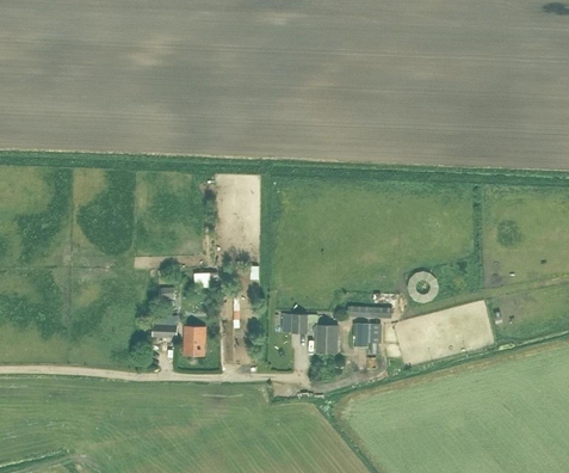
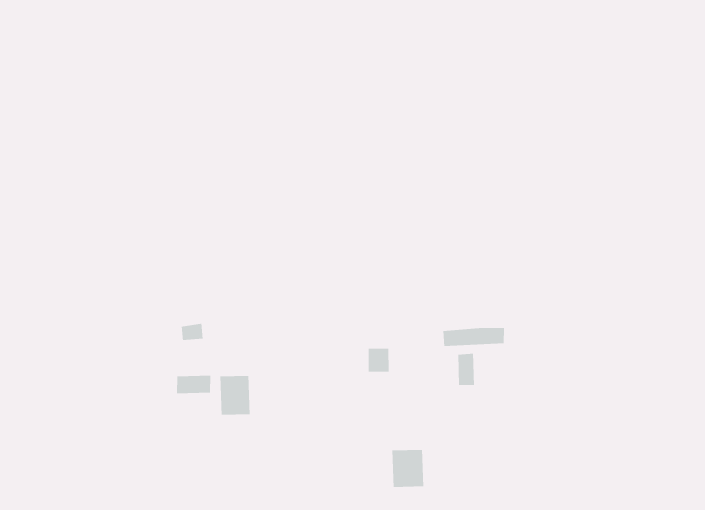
building: [315,324,339,352] -> [391,449,424,488]

